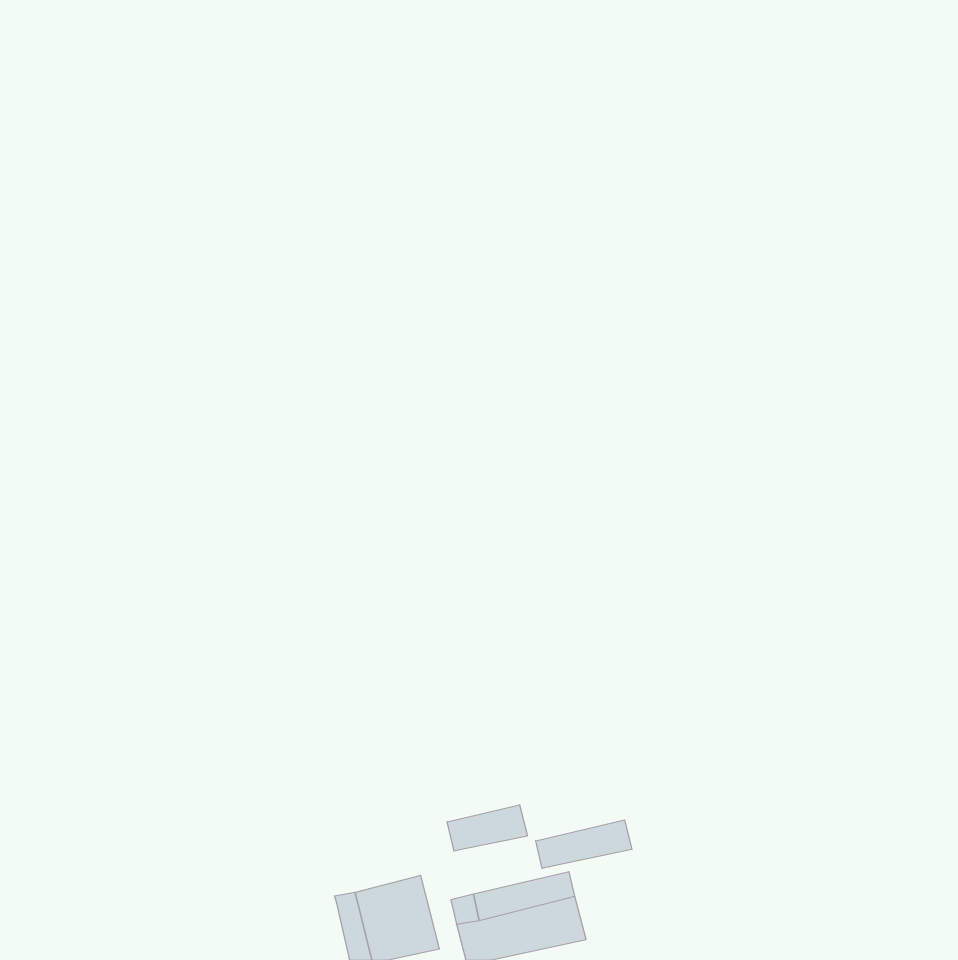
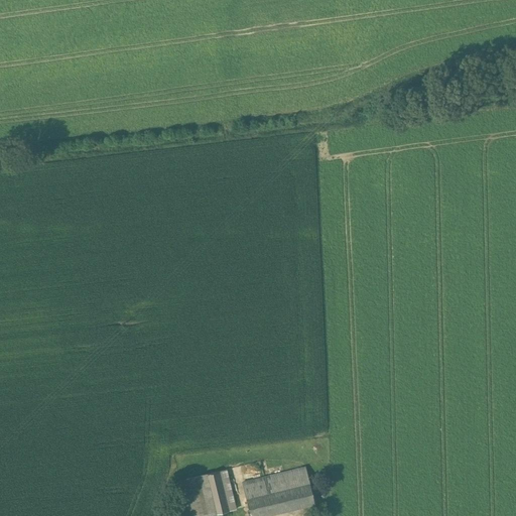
building: [447,805,527,851] -> none
building: [536,820,632,868] -> none

